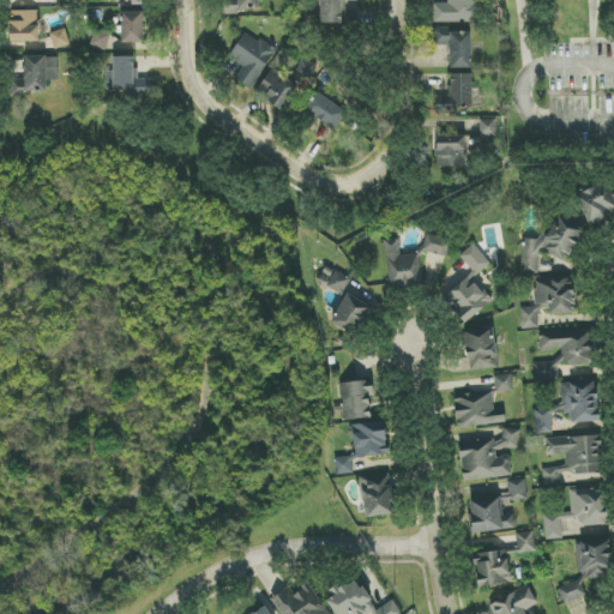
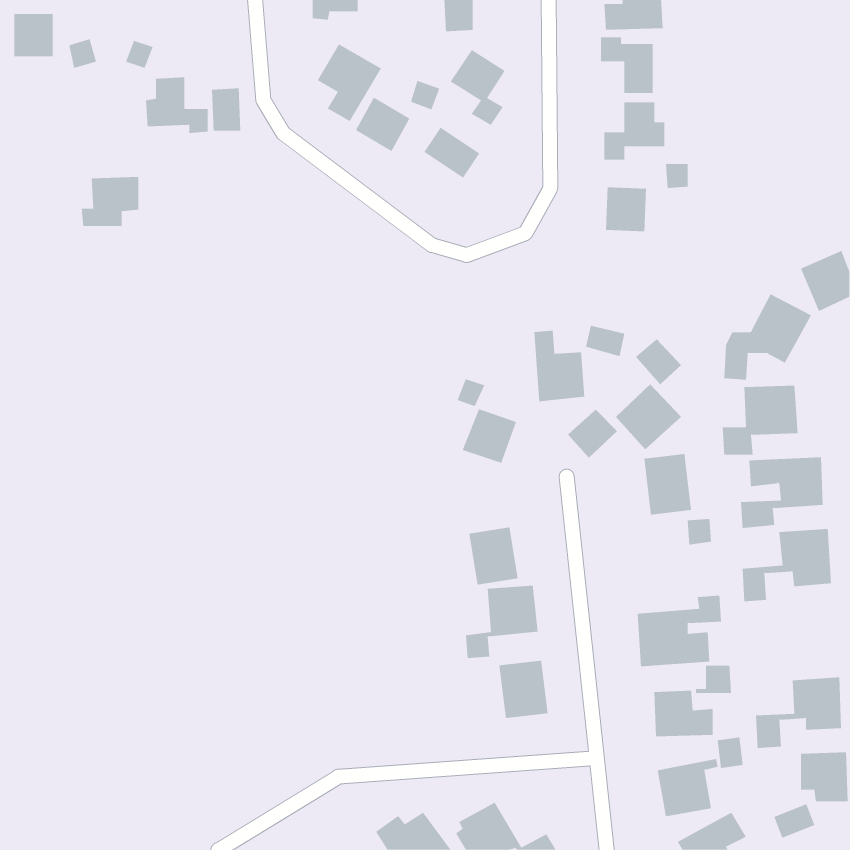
building: [121,11,143,42] -> [211,88,241,131]
building: none -> [450,49,506,126]
building: [16,55,58,91] -> [81,177,139,227]
building: none -> [567,409,618,459]
building: [453,390,505,427] -> none
building: [542,434,602,484] -> none

